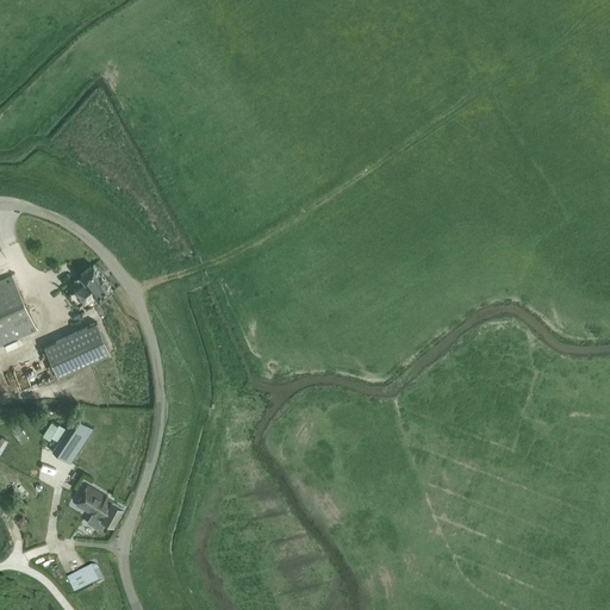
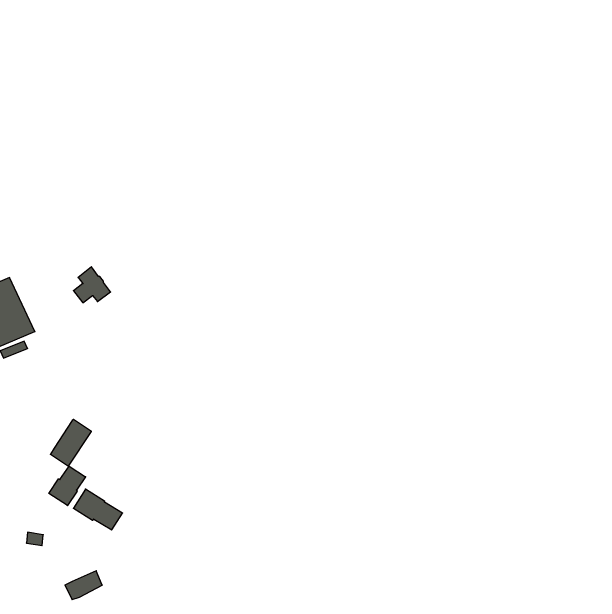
building: [42,322,108,376] -> none
building: none -> [49,466,86,506]

